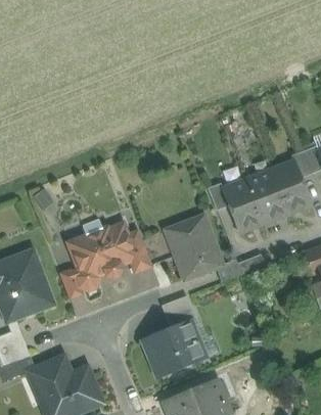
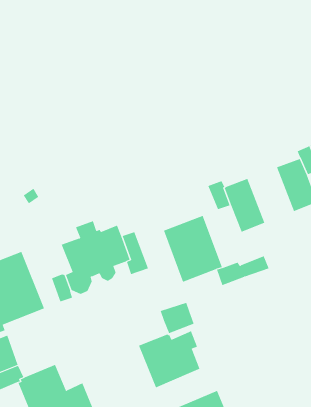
building: [245,171,288,223] -> none

